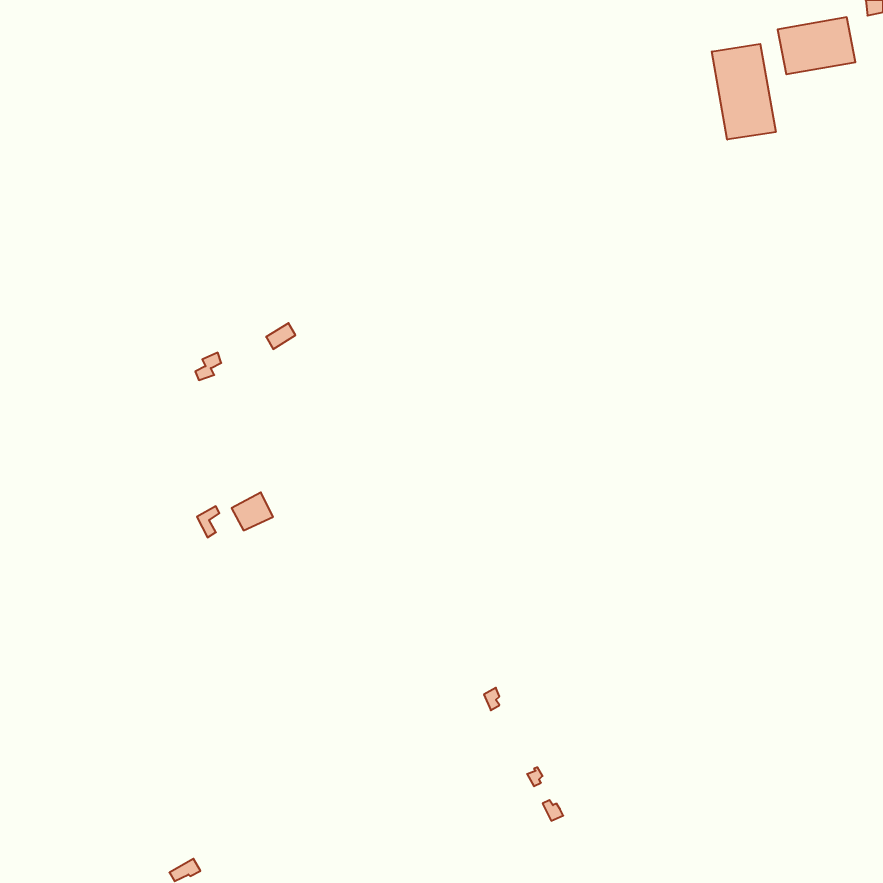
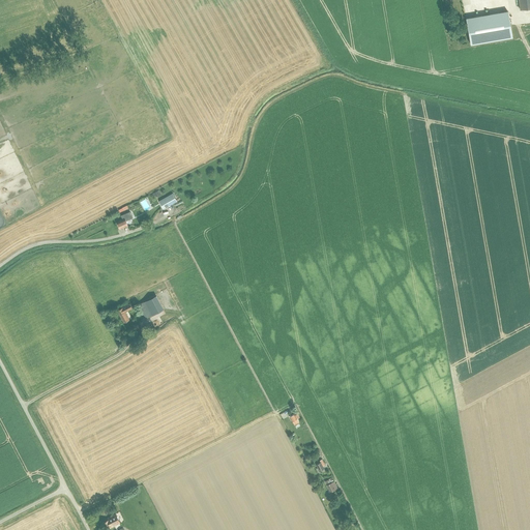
building: [712,44,776,140] -> none

